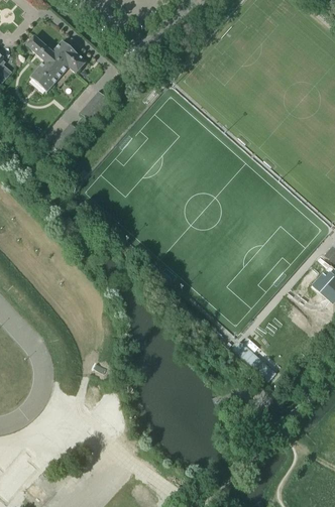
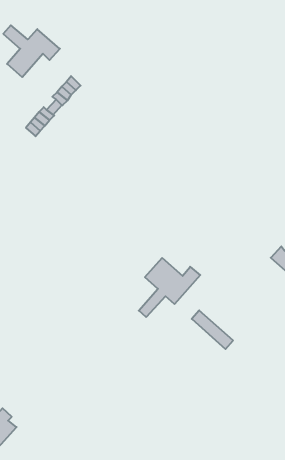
building: none -> [139,258,200,317]

